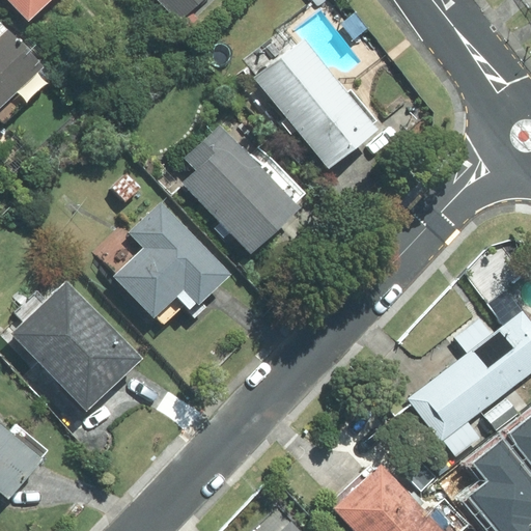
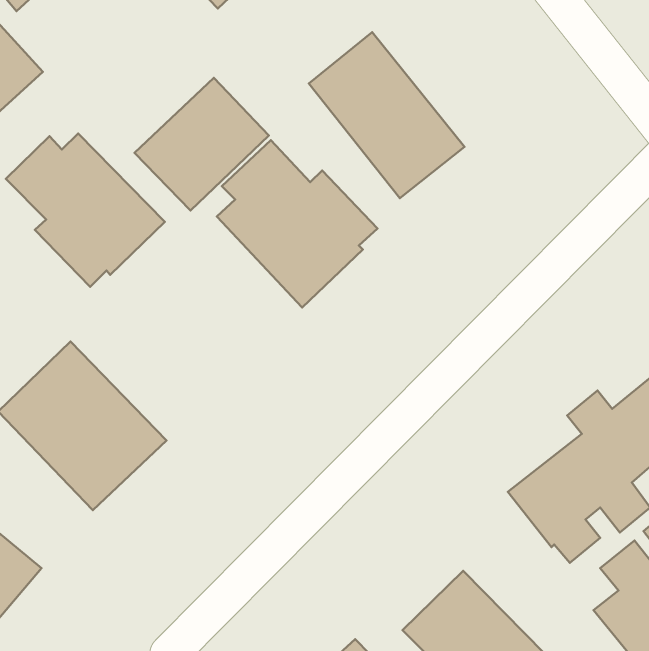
building: none -> [135,78,269,210]
building: none -> [6,133,165,287]
building: [115,201,229,317] -> none

